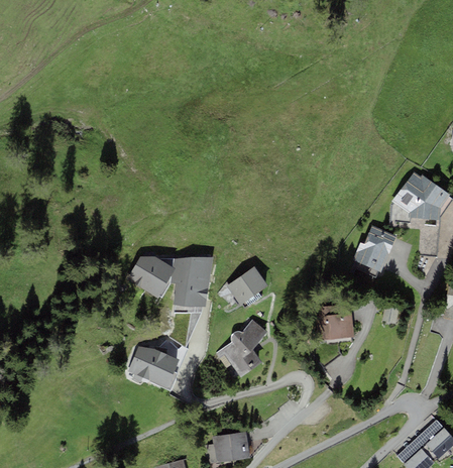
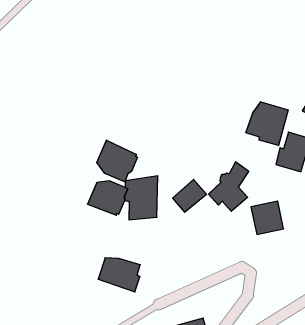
building: none -> [246,102,288,146]
building: none -> [97,140,137,182]
building: [216,320,266,377] -> [209,162,249,211]

